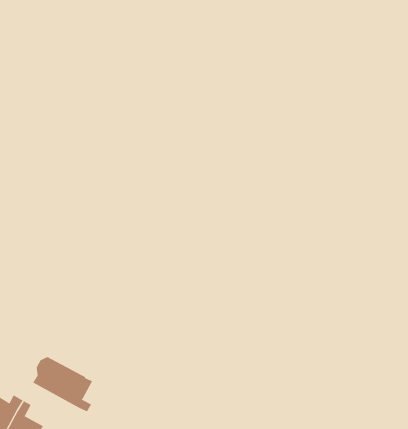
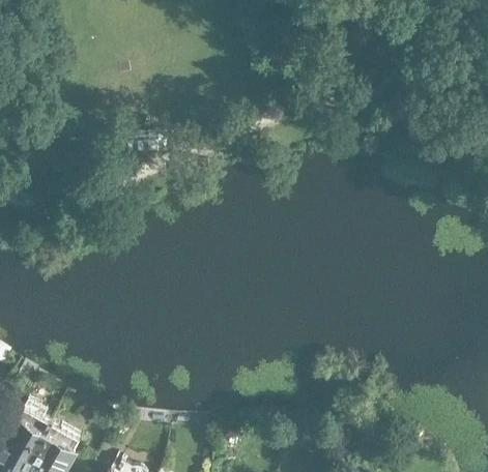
building: [32,356,93,412] -> none

